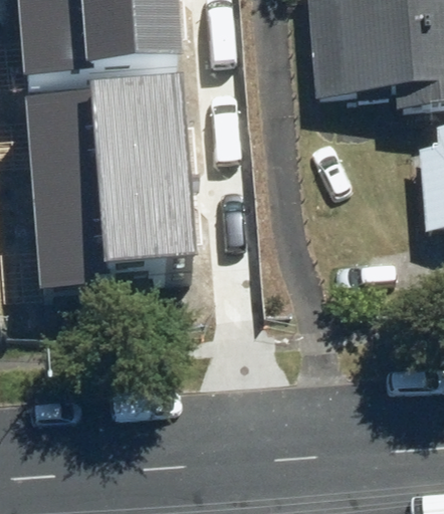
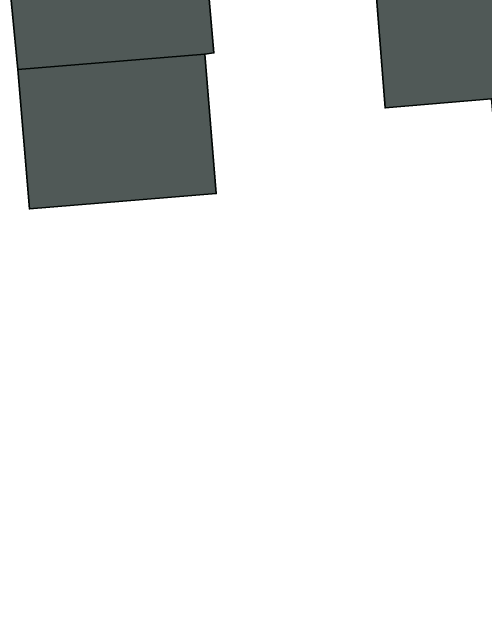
building: [35,162,192,273] -> none

